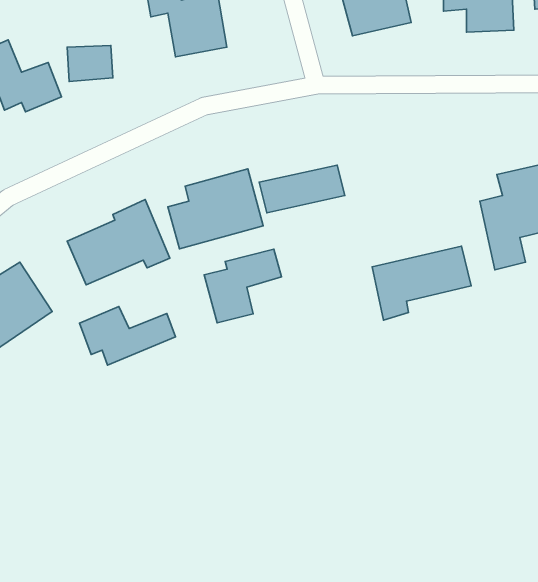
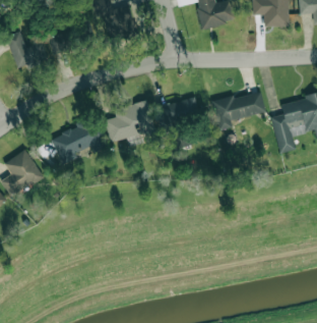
building: [372,246,471,320] -> [212,91,265,130]
building: [204,249,281,323] -> none
building: [79,307,175,365] -> none

